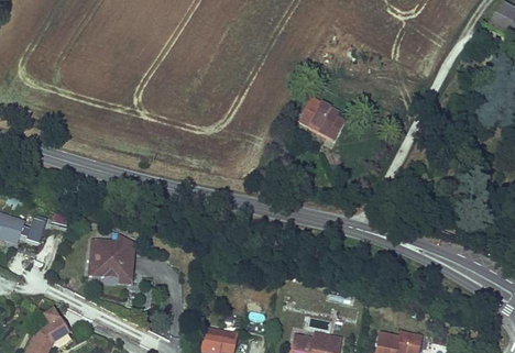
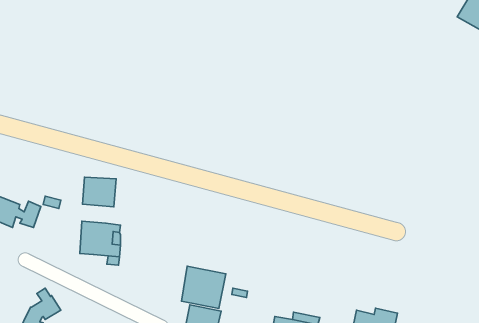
building: [296,93,350,141] -> none
building: none -> [83,177,116,207]
building: none -> [182,266,226,308]

